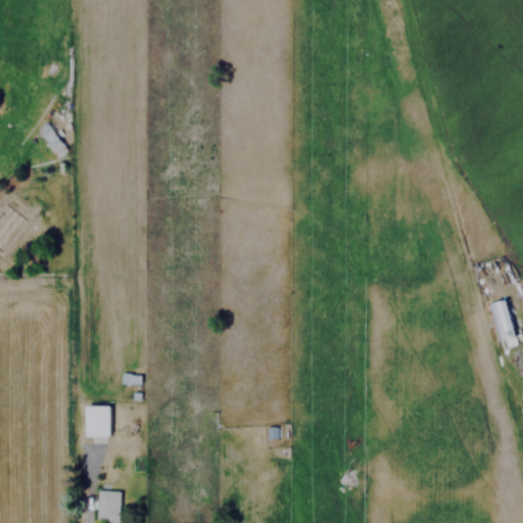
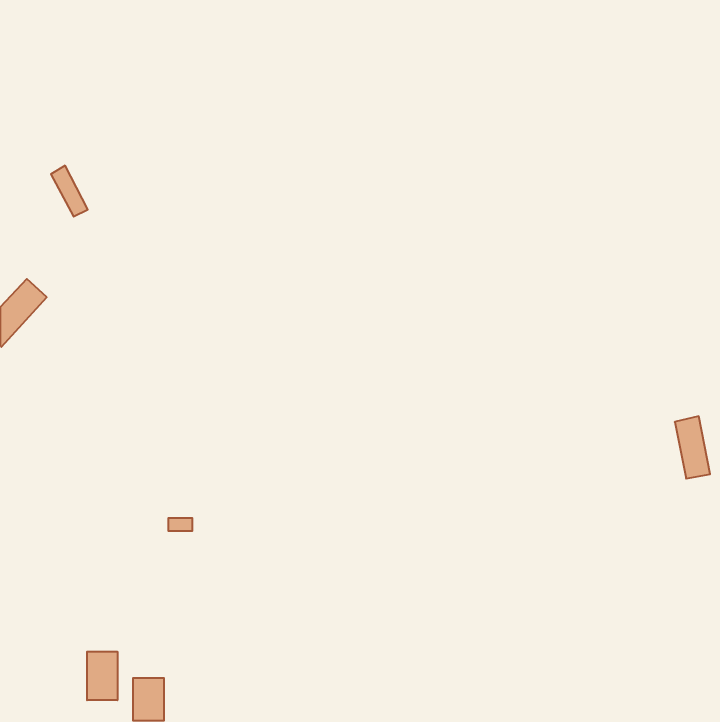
building: [86,406,110,436] -> none
building: none -> [87,652,117,700]

